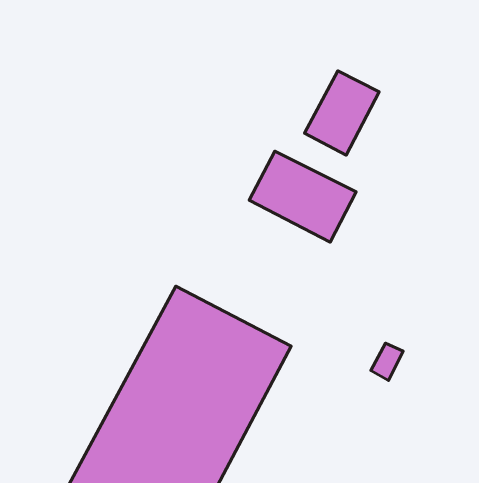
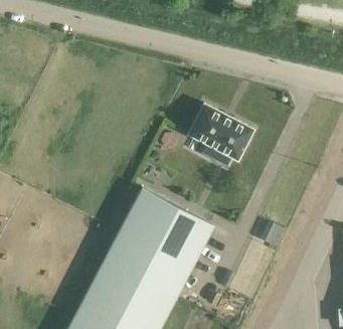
building: [304,71,379,155] -> none

